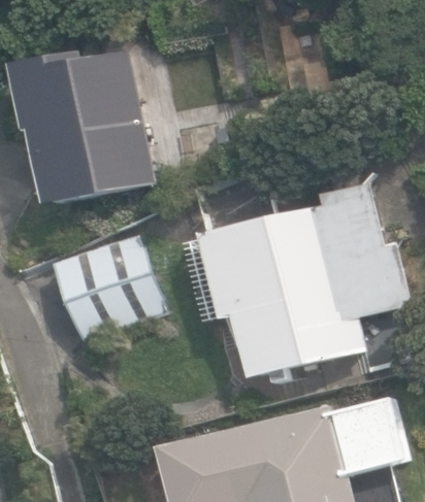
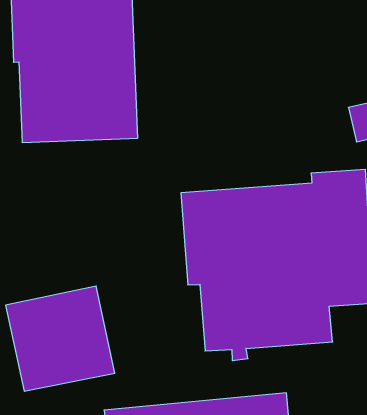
building: [50,233,162,342] -> [6,286,115,391]

